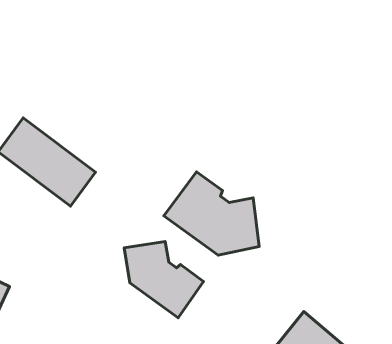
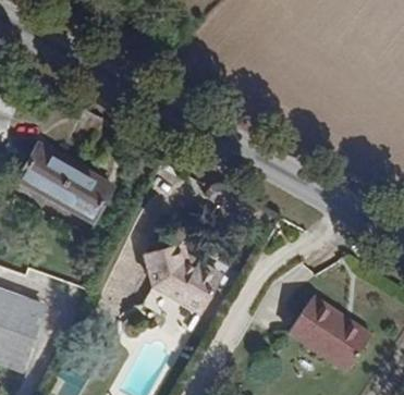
building: [164,172,259,255] -> none

